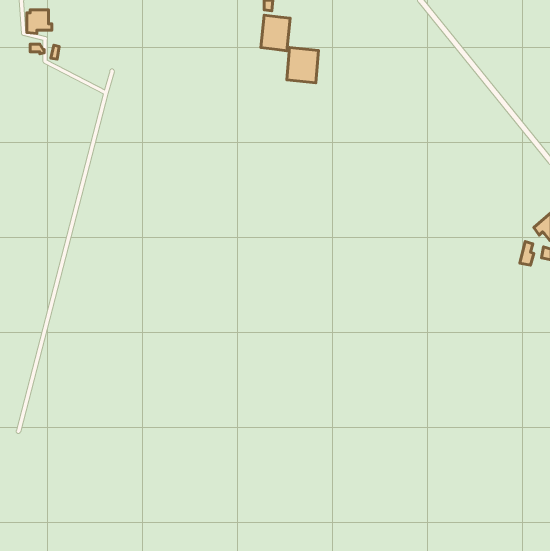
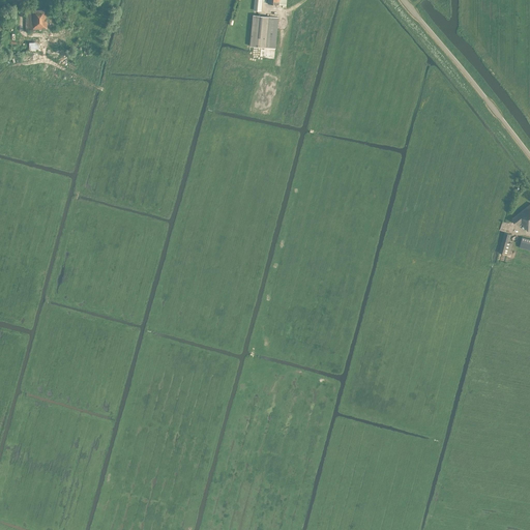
building: [287,47,318,83] -> none

